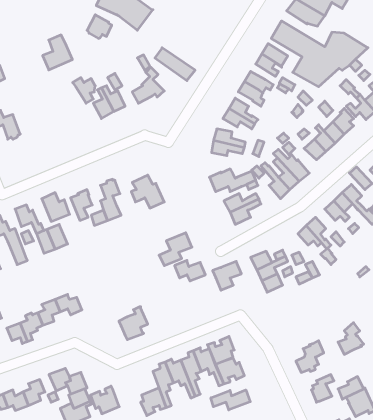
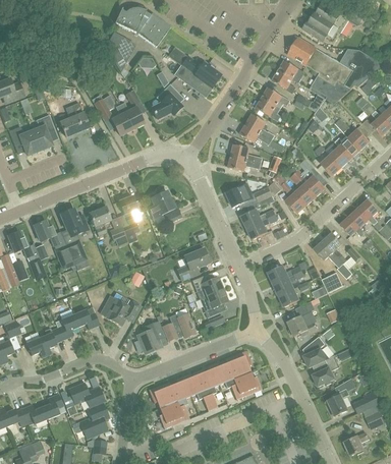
building: [43,35,72,70] -> [59,102,89,136]
building: none -> [180,56,221,86]
building: none -> [32,114,54,150]
building: [213,261,241,290] -> [199,289,227,317]
building: none -> [99,294,141,325]
building: none -> [287,301,317,335]
building: none -> [162,307,194,340]
building: [338,323,364,354] -> [302,336,328,367]
building: [90,386,119,414] -> [148,381,176,408]
building: [211,390,250,410] -> none

